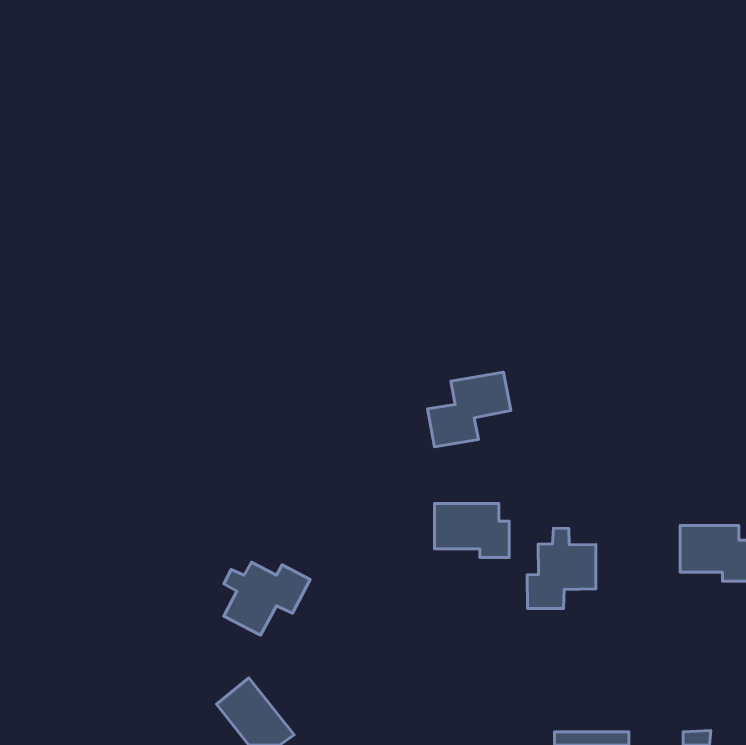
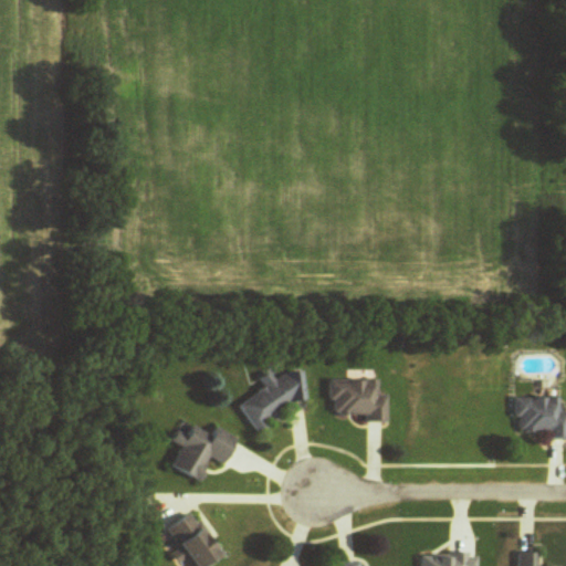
building: [427,372,511,447] -> [243,370,306,427]
building: [527,528,596,609] -> none

